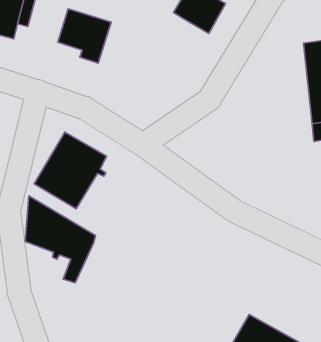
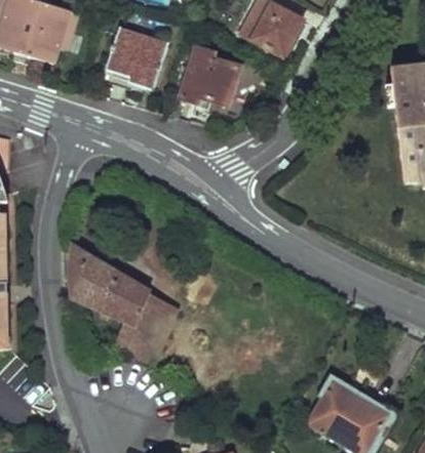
building: none -> [180,47,239,105]
building: [34,132,106,209] -> none
building: none -> [110,298,173,364]

